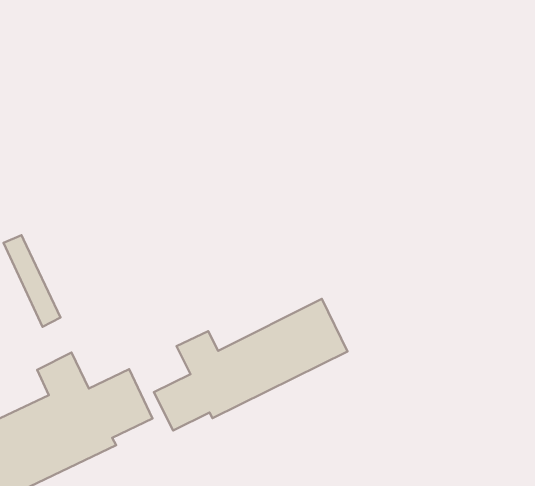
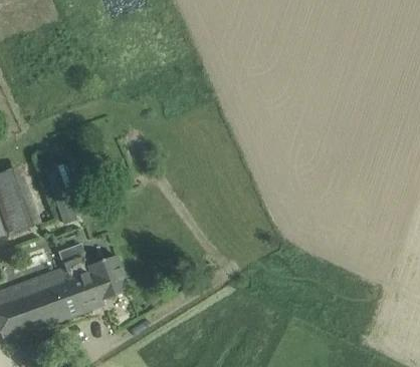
building: [154,299,348,430] -> none

